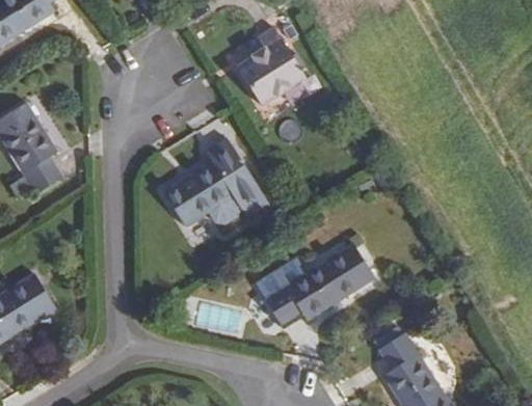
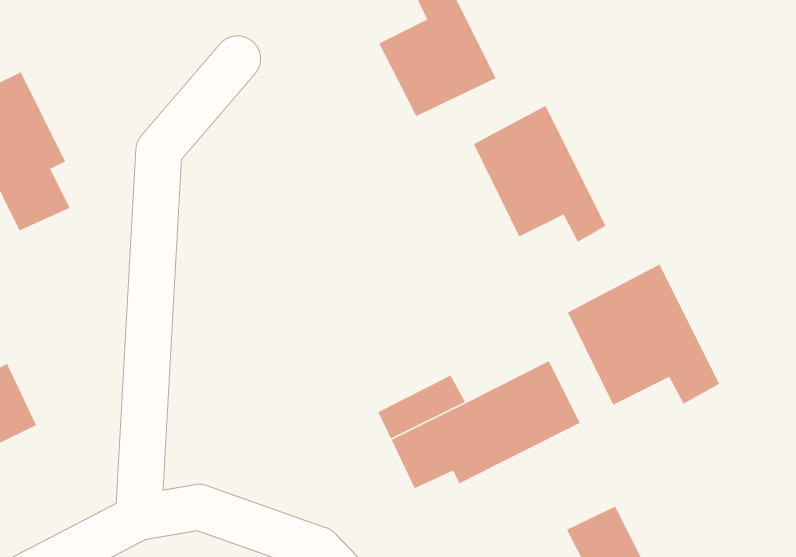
building: none -> [473,105,606,243]
building: [163,137,272,231] -> none
building: none -> [567,263,720,406]

